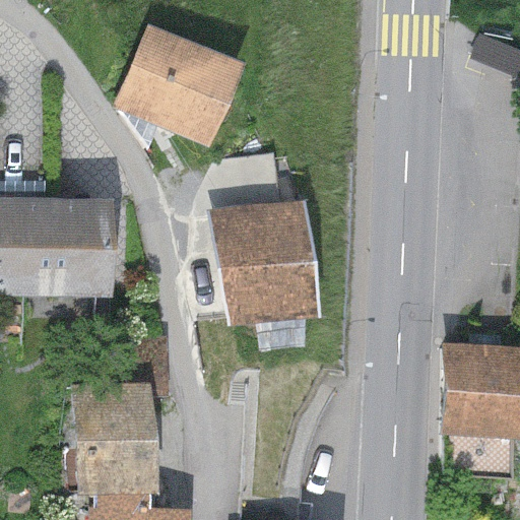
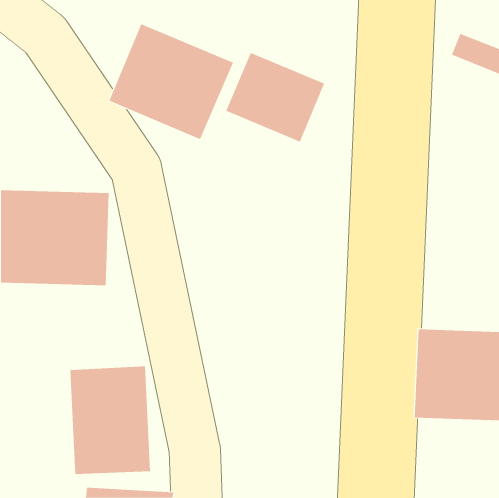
building: none -> [226,52,325,143]
building: [213,199,319,326] -> none

